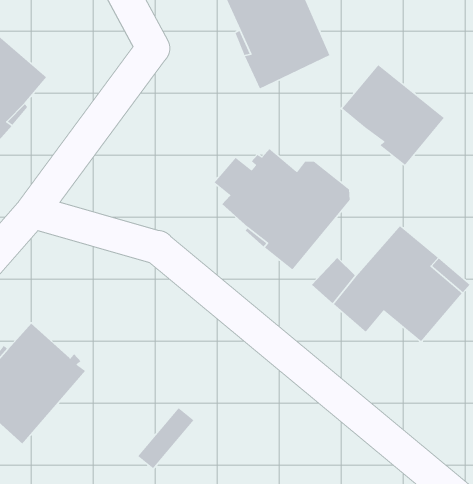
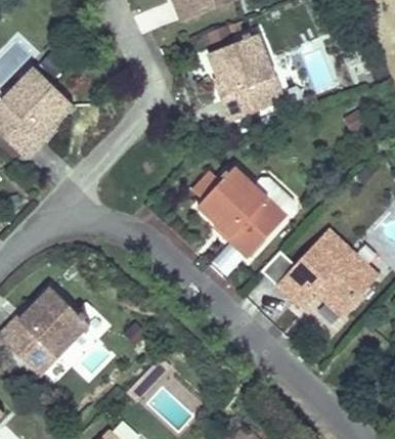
building: [341,64,445,166] -> none

